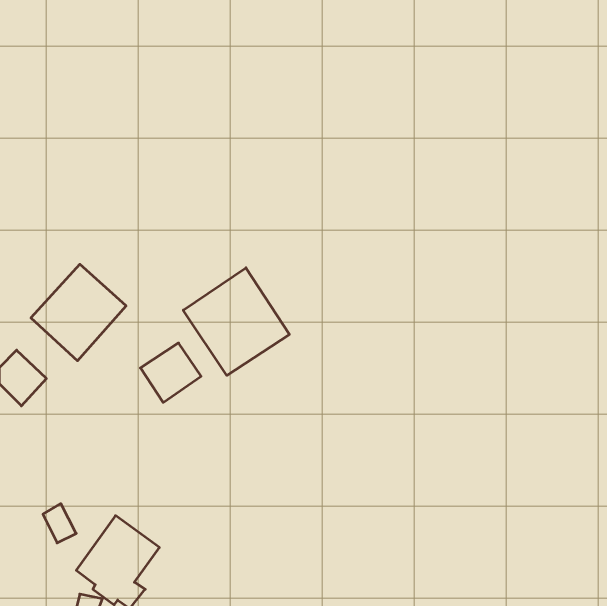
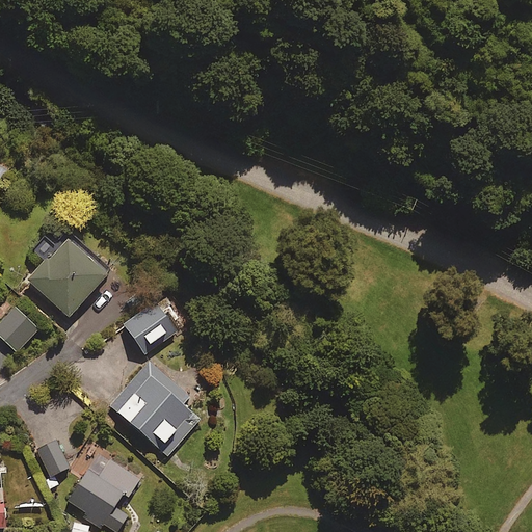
building: [183,268,289,375] -> none
building: none -> [107,363,198,459]

